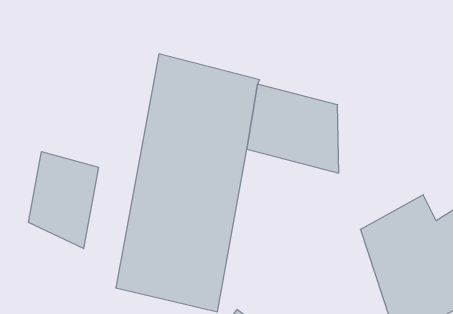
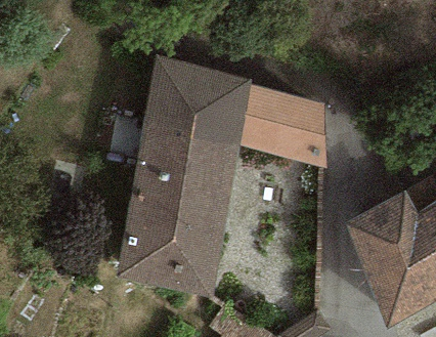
building: [28,152,99,249] -> none

